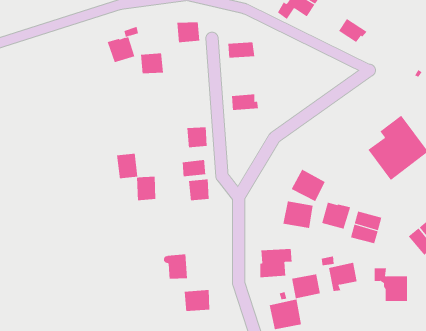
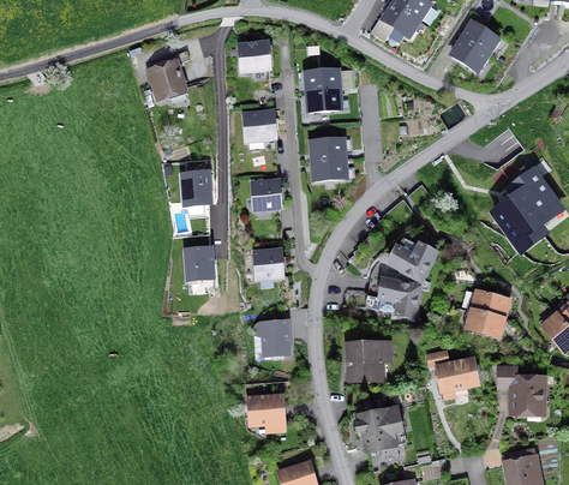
building: none -> [462,22,501,56]
building: [140,53,164,74] -> [244,112,275,139]
building: none -> [307,89,342,110]
building: none -> [312,157,348,180]
building: [116,153,138,179] -> [181,169,210,203]
building: [182,159,206,177] -> none
building: [322,202,351,230] -> none
building: [163,254,188,279] -> [257,321,289,354]
building: [291,274,321,299] -> none

